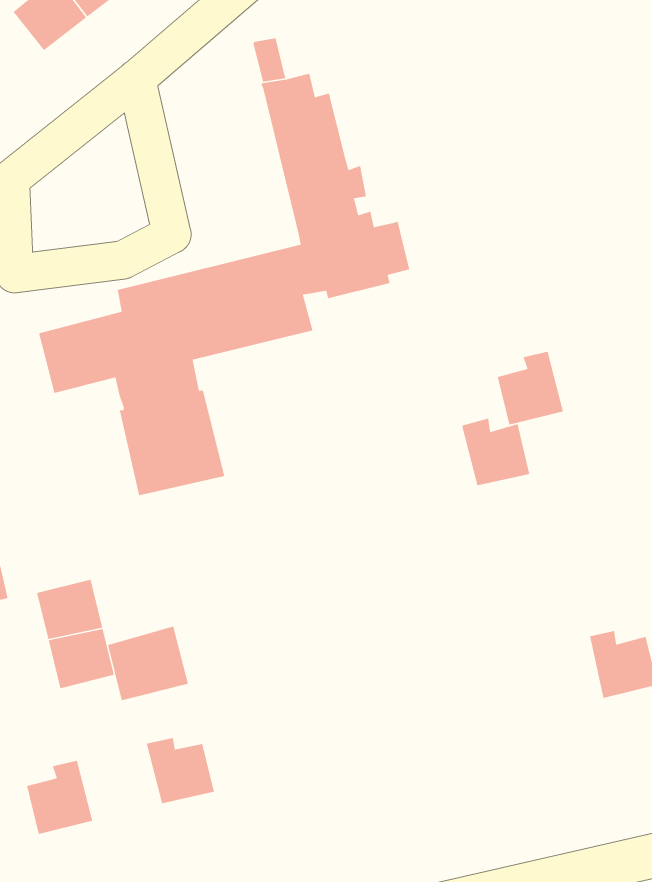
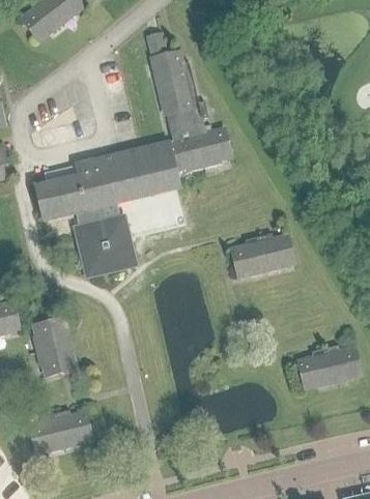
building: [497,351,564,426] -> [231,237,266,276]
building: [107,626,189,701] -> none
building: none -> [298,348,333,388]
building: [146,737,215,804] -> [56,410,92,445]

